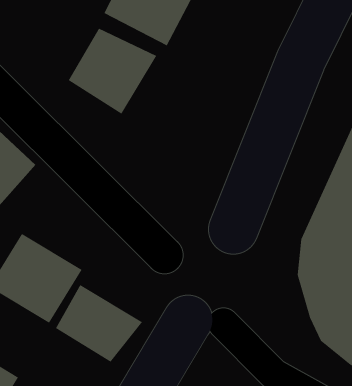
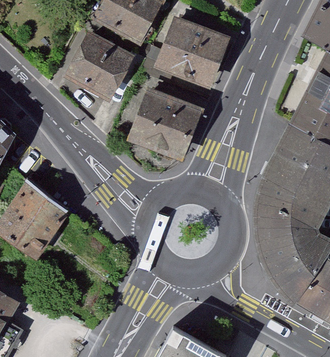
building: none -> [133,13,234,87]
building: none -> [129,86,201,163]
building: [55,284,143,362] -> none

